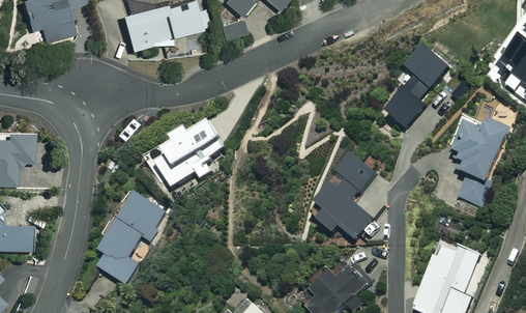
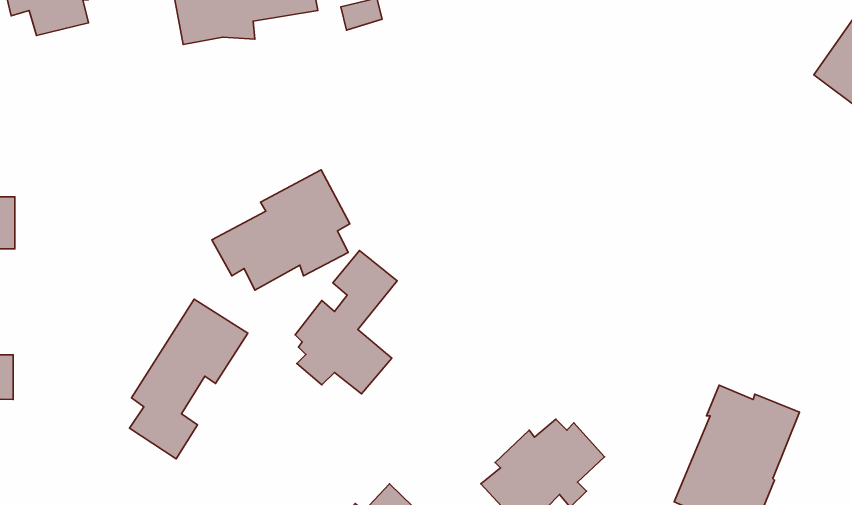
building: [386,49,449,130] -> none
building: [450,120,509,208] -> none
building: [318,159,377,241] -> [295,250,397,394]

